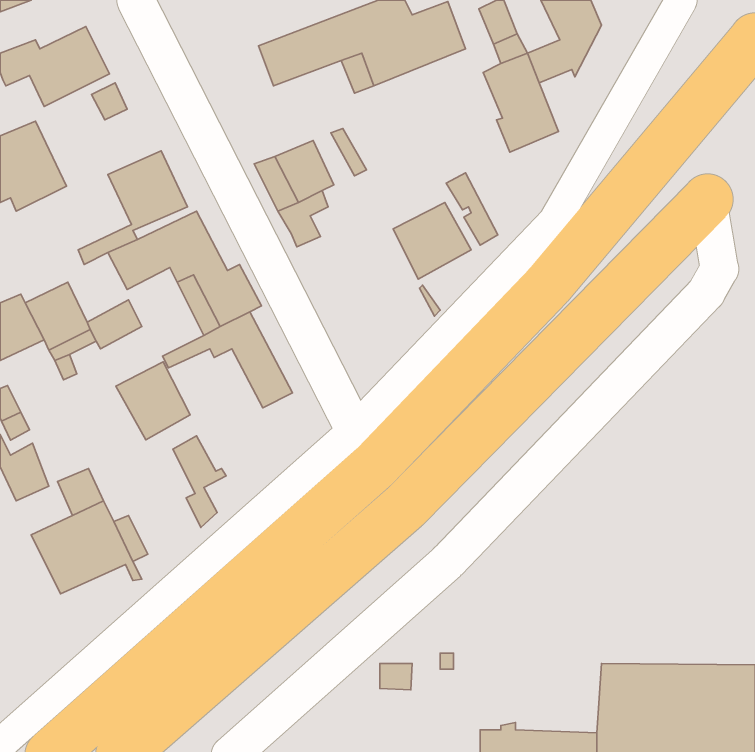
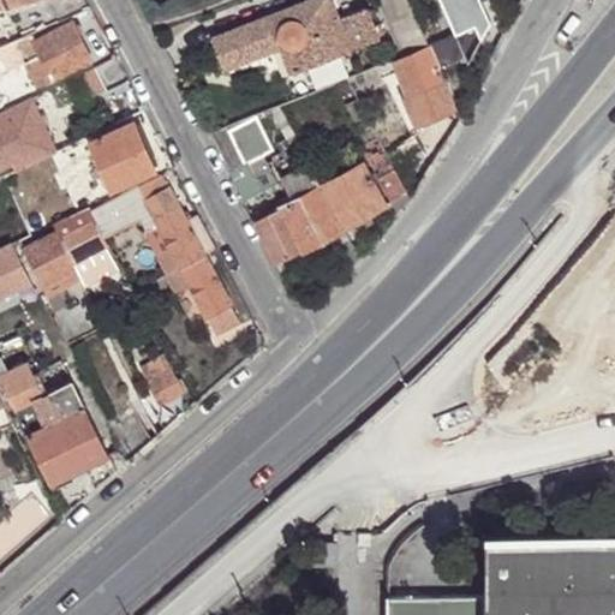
building: none -> [251,167,341,265]
building: none -> [52,208,107,264]
building: [116,362,190,440] -> none

